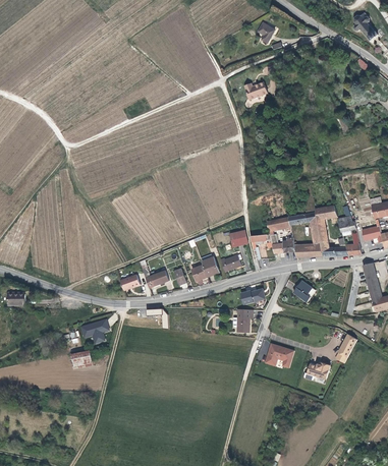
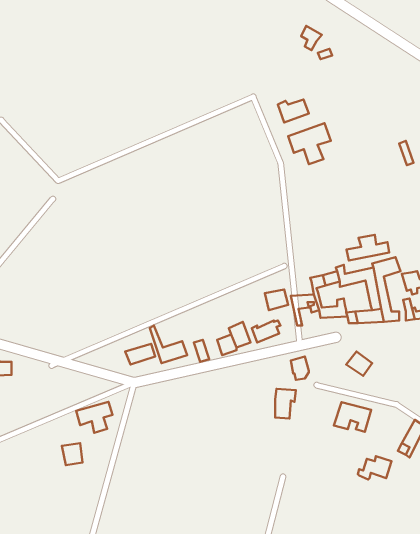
building: none -> [288,123,331,164]
building: none -> [346,235,389,261]
building: [265,343,294,366] -> [334,402,371,432]

